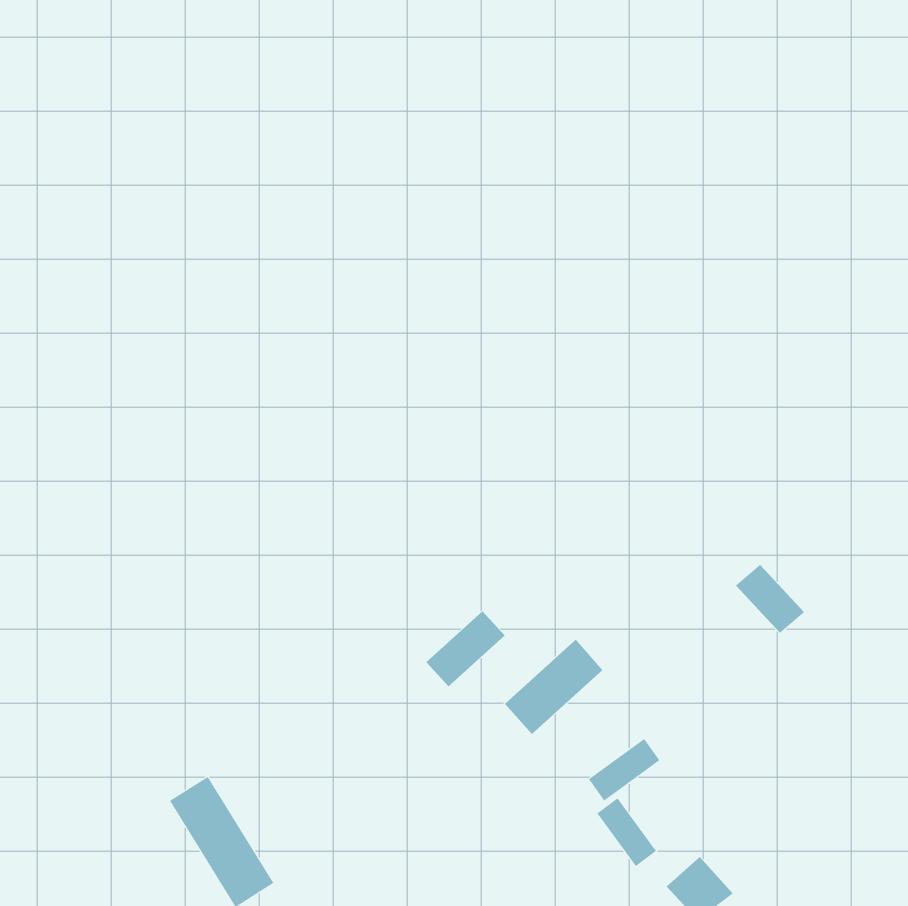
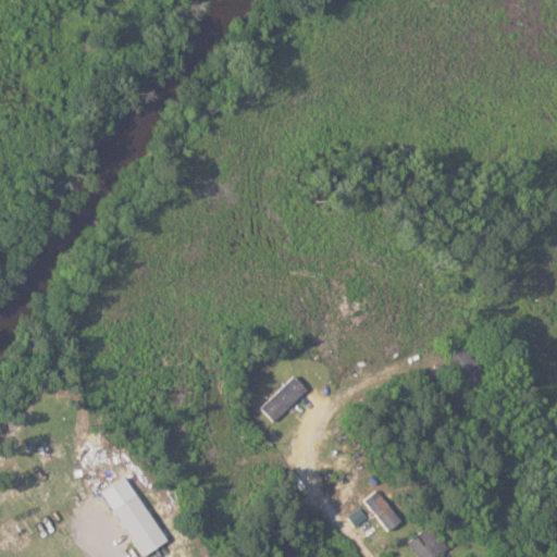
building: [504,639,603,735] -> none
building: [588,738,660,801] -> none

